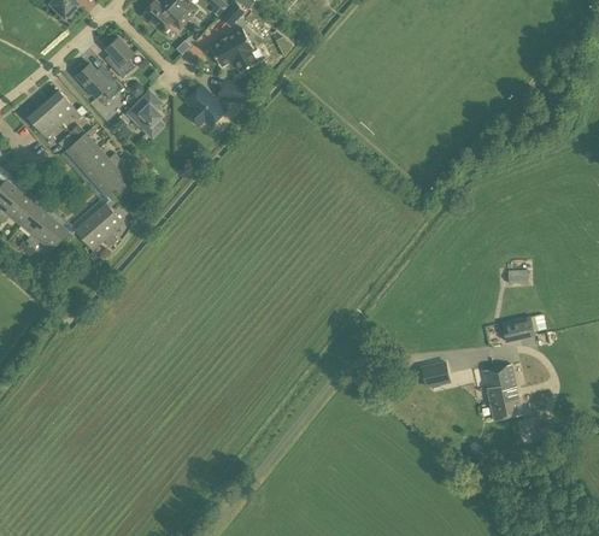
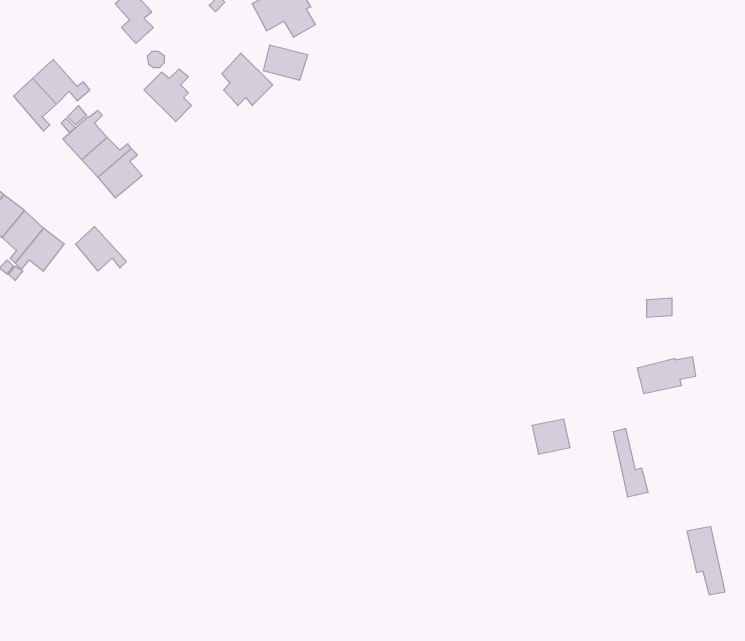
building: [75,63,122,99] -> none
building: [89,202,122,242] -> none
building: [492,365,521,417] -> [687,526,725,595]

